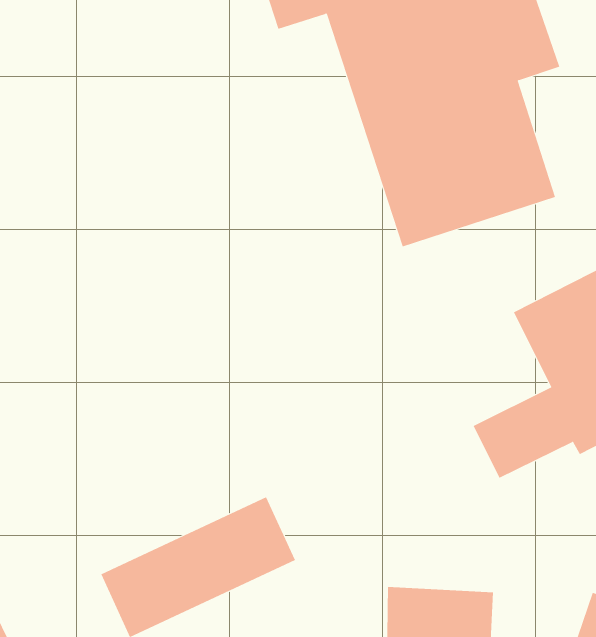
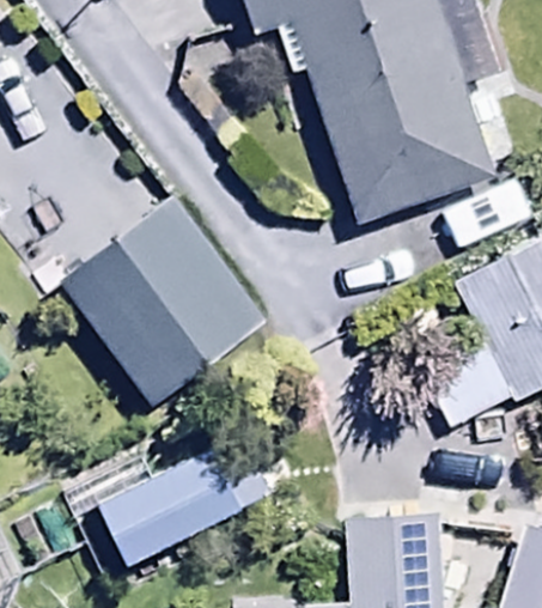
building: none -> [59,194,267,406]

